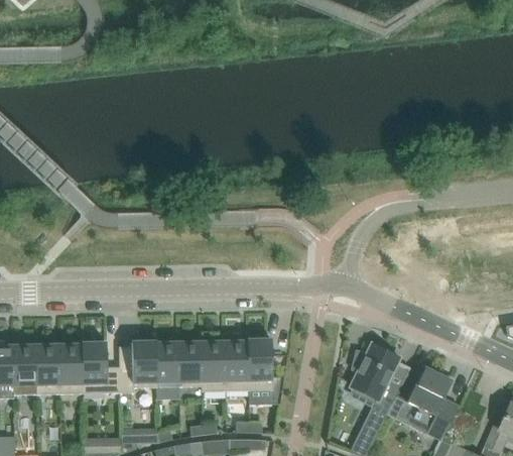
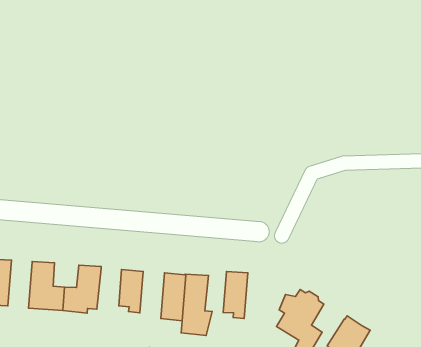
building: [201,341,225,390] -> [223,272,248,319]
building: [155,342,178,387] -> none
building: [58,344,82,393] -> none

